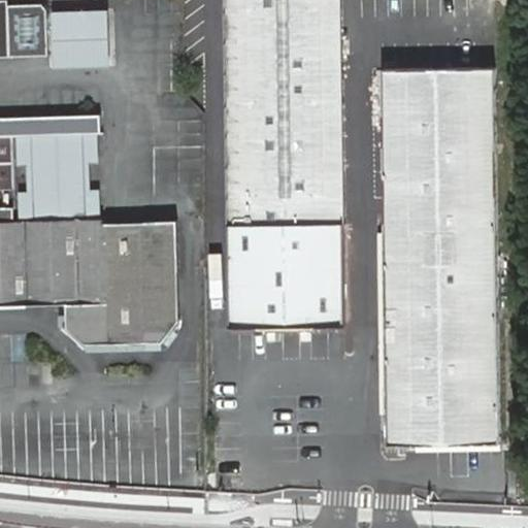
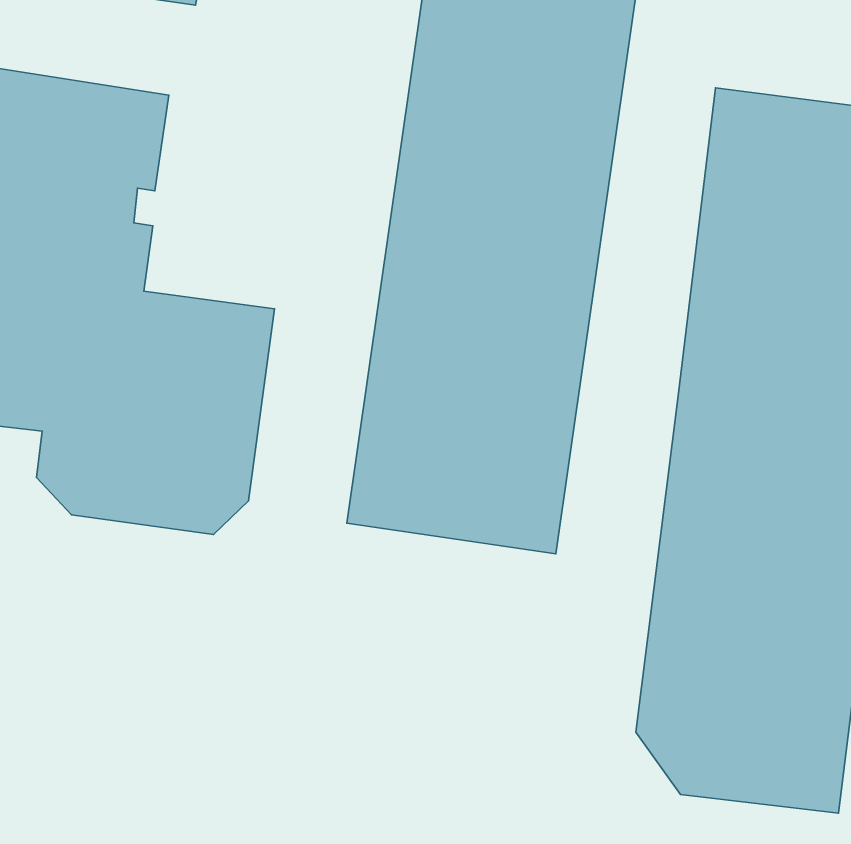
building: [382,228,512,449] -> none

